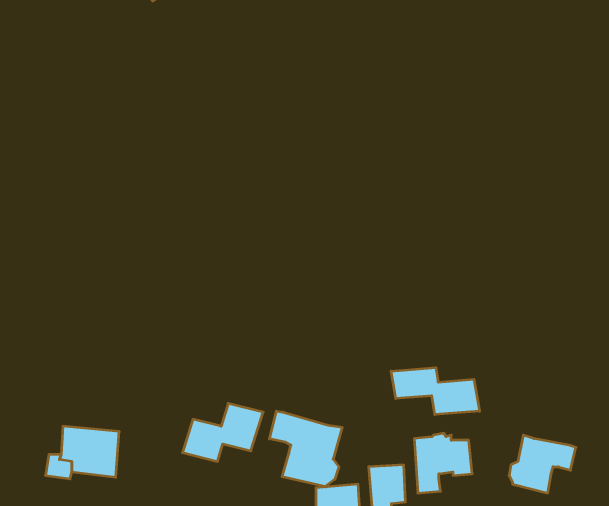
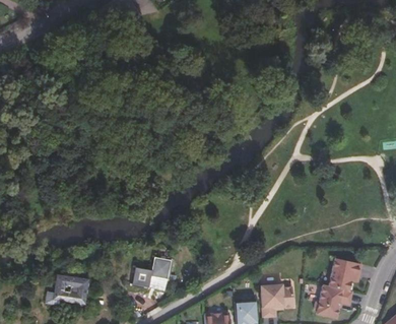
building: [391,368,480,415] -> none
building: none -> [328,253,361,285]
building: [269,411,342,487] -> none

